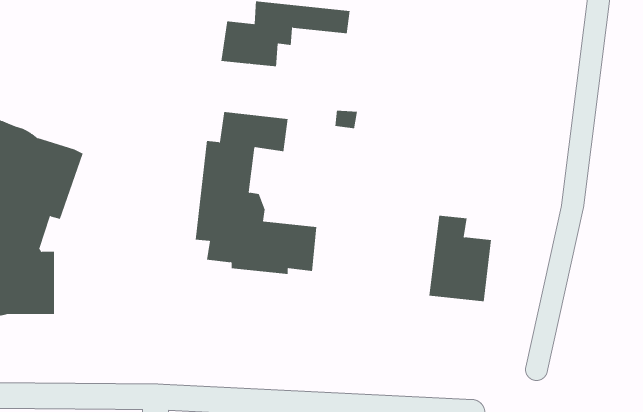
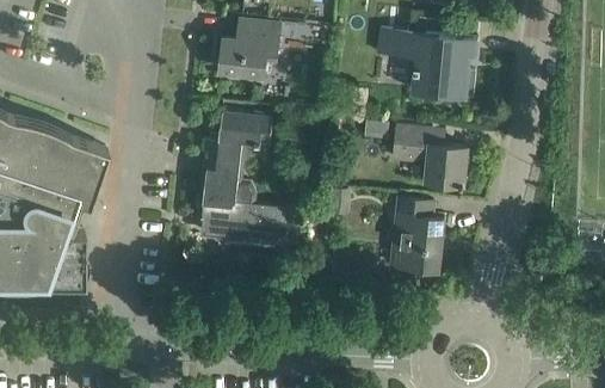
building: none -> [378,30,477,98]
building: none -> [395,125,467,185]

